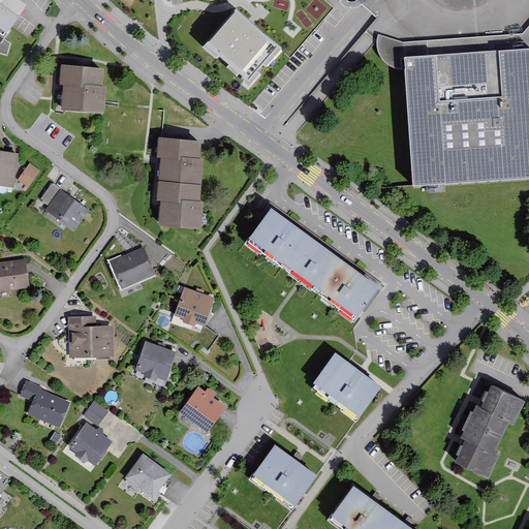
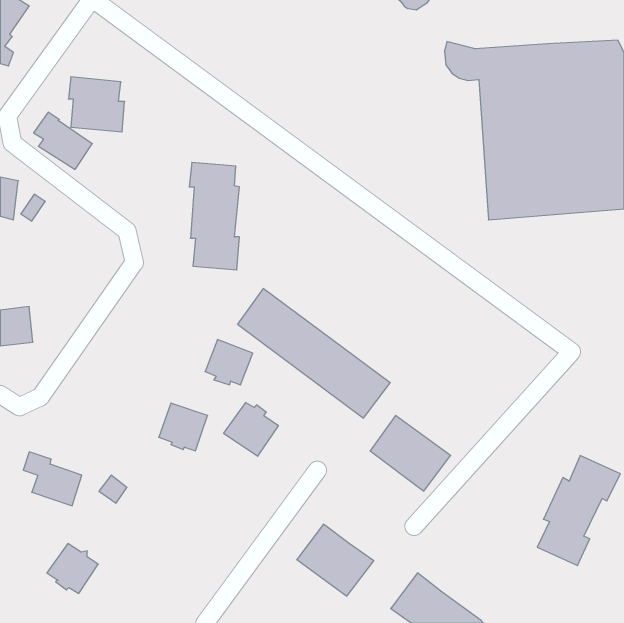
building: [206,9,279,81] -> none
building: [39,183,89,231] -> [34,112,92,169]
building: [249,206,378,315] -> [238,289,390,418]
building: [110,248,155,289] -> none
building: [67,315,113,360] -> none
building: [179,386,225,432] -> [224,402,278,456]
building: [67,424,111,466] -> [47,544,98,594]
building: [124,455,170,499] -> none

